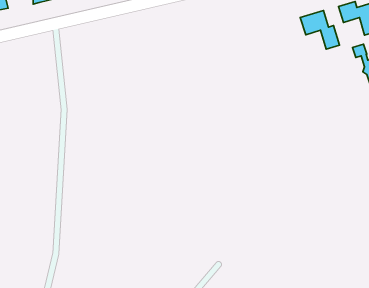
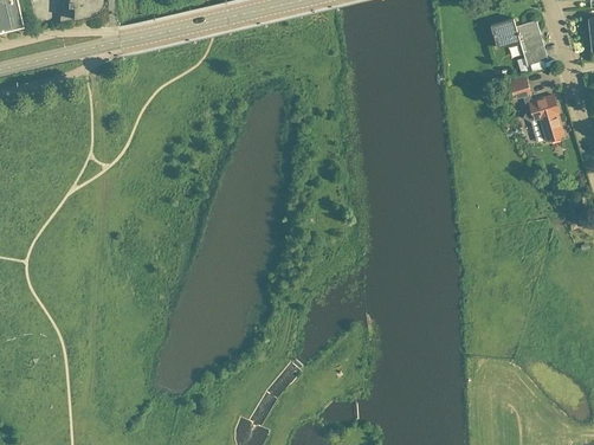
building: [300,10,339,49] -> none

